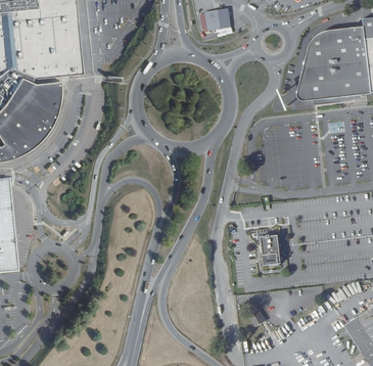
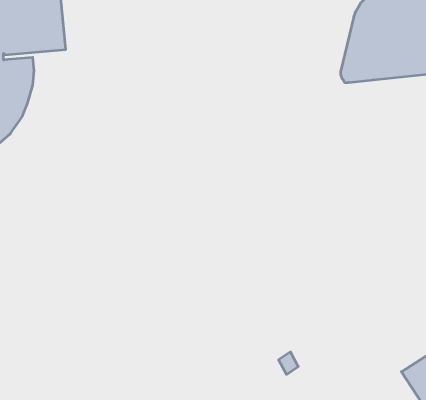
building: [260,234,280,264] -> none

